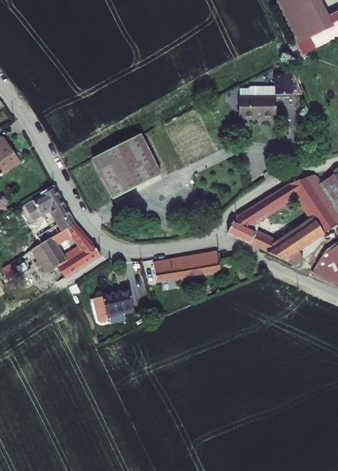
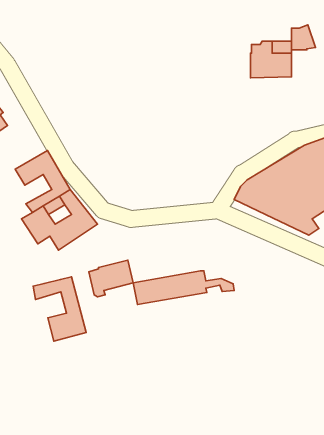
building: [94,133,162,197] -> none
building: [152,250,245,281] -> [133,271,234,305]
building: none -> [33,277,86,341]

